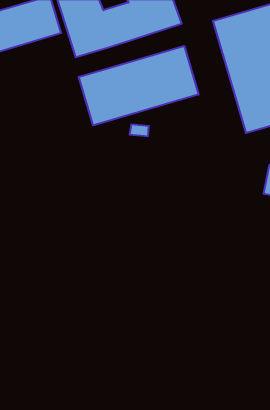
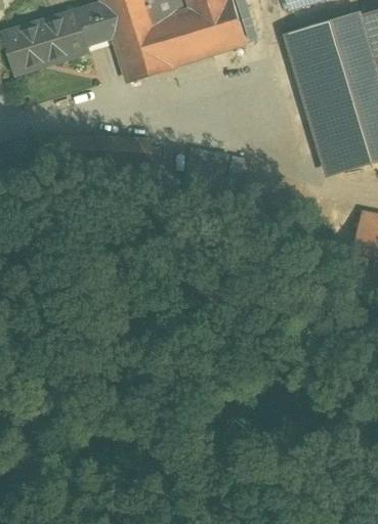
building: [79,46,199,125] -> none

